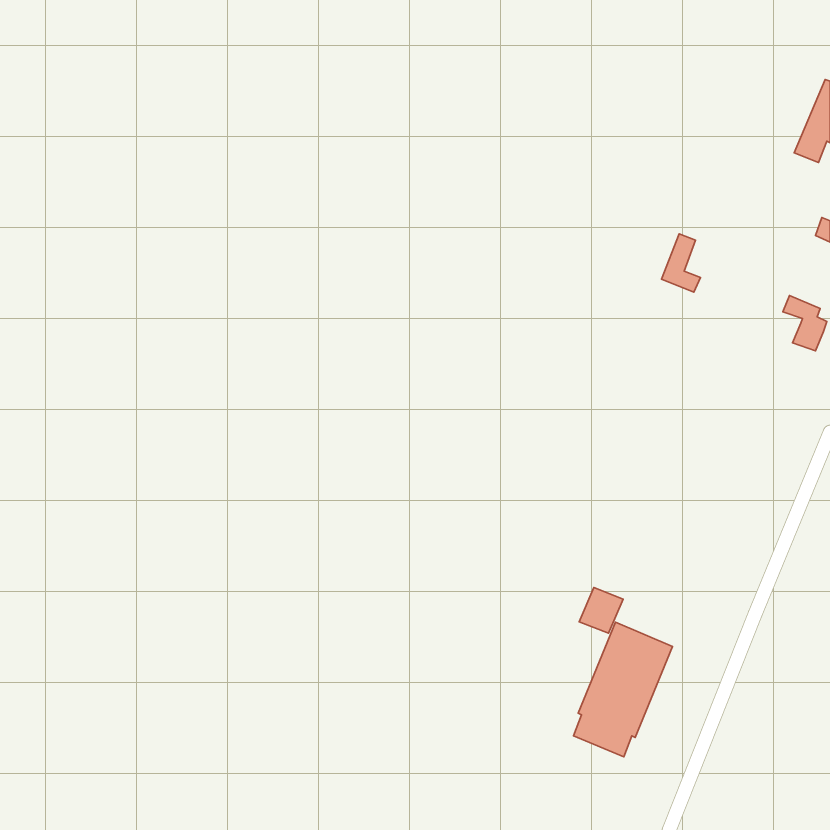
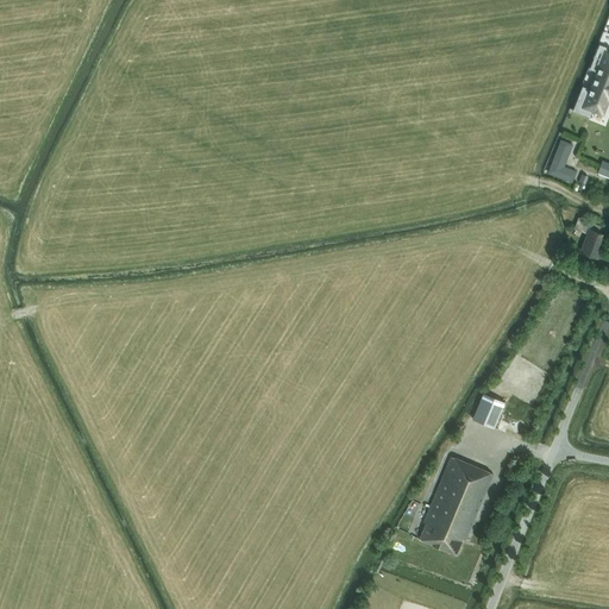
building: [661,234,700,292] -> [547,139,576,182]
building: [579,588,623,633] -> [472,394,504,427]

